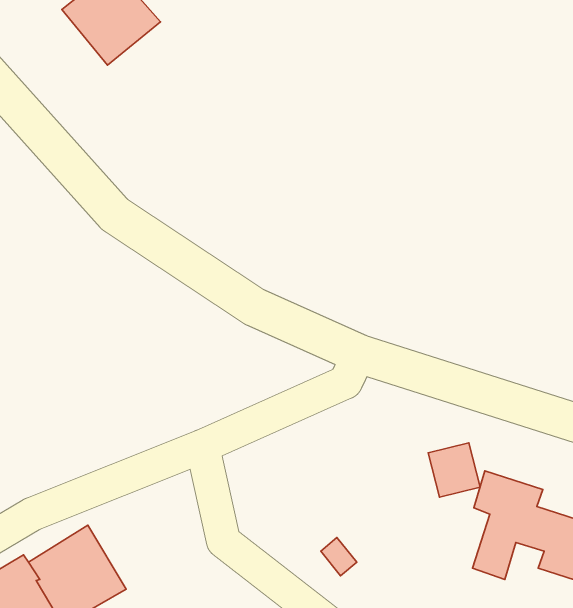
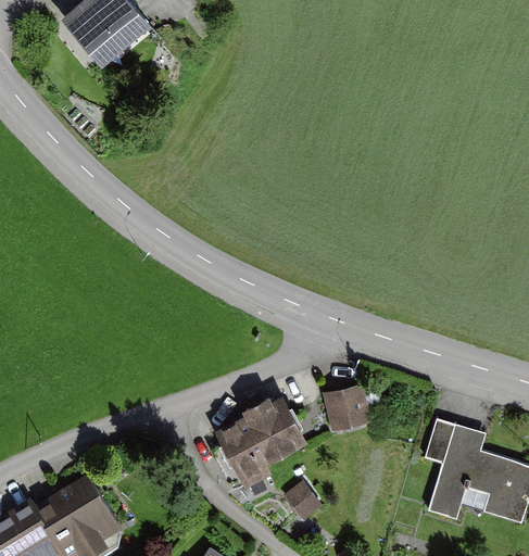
building: none -> [215,393,306,485]
building: [428,443,480,497] -> [326,383,371,431]

